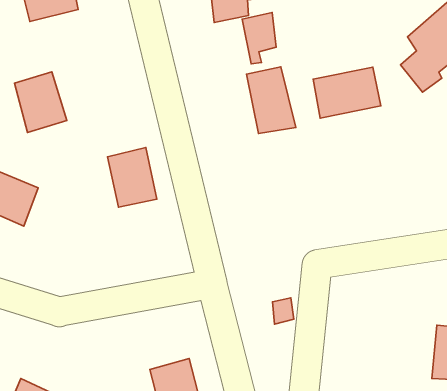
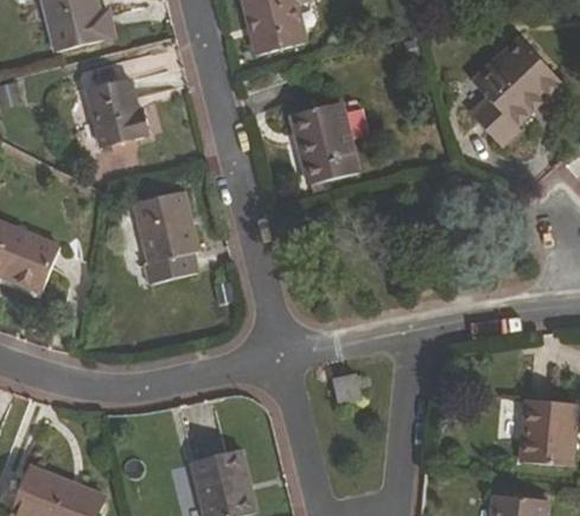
building: [242,12,276,64] -> none
building: [313,67,381,118] -> none
building: [14,72,67,132] -> [85,77,147,148]

